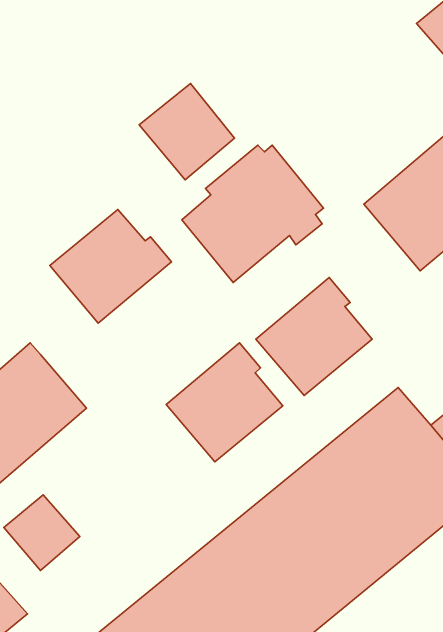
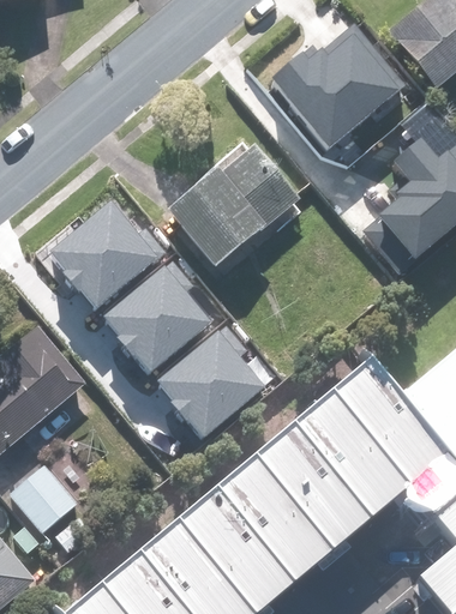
building: none -> [256,20,383,145]
building: [139,83,235,180] -> none
building: [256,278,372,395] -> [107,260,214,368]

